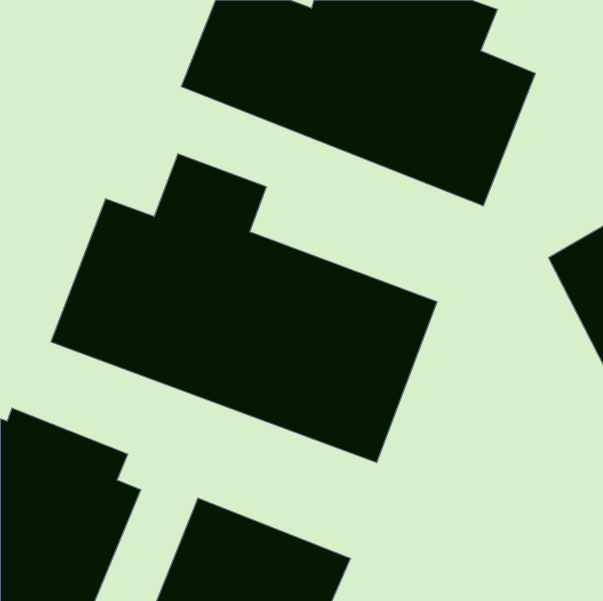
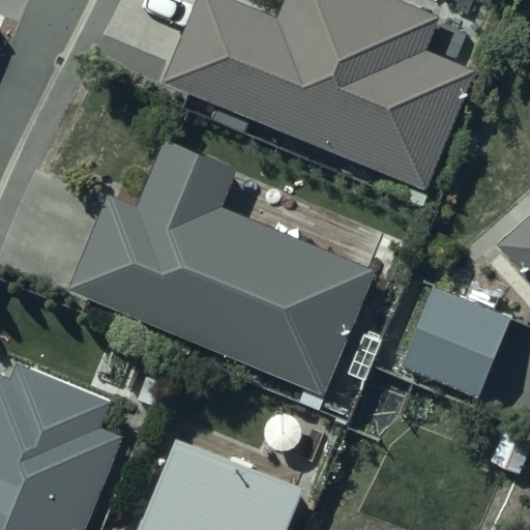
building: none -> [402,284,516,399]

